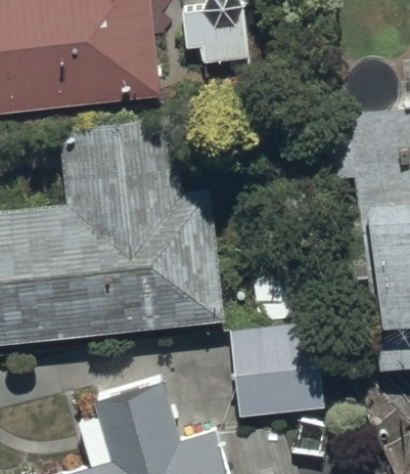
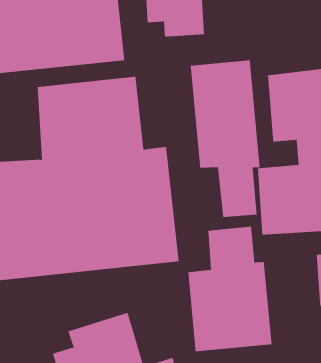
building: none -> [190,60,260,218]

